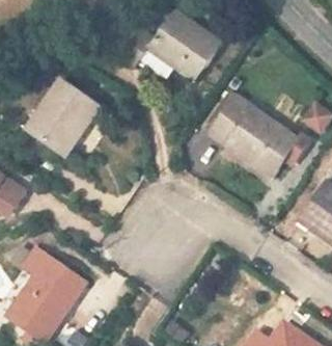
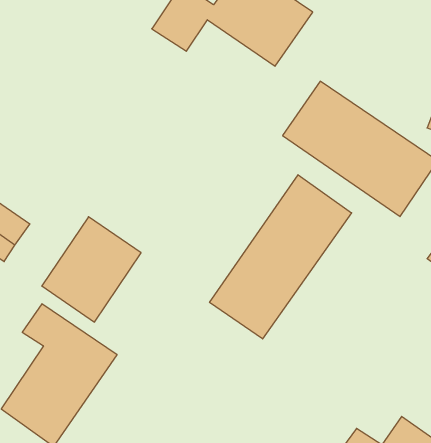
building: [31,81,100,154] -> [42,217,141,322]
building: none -> [210,175,352,339]

